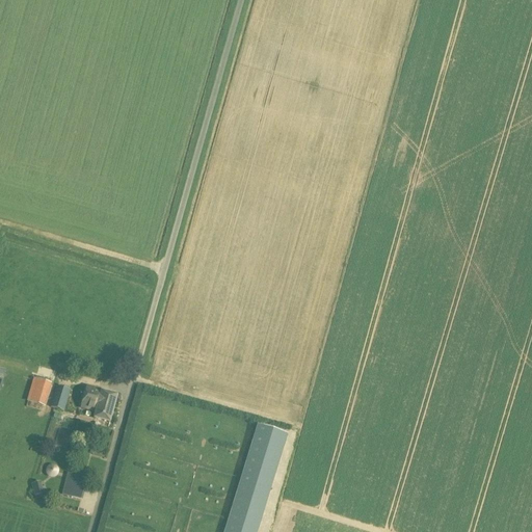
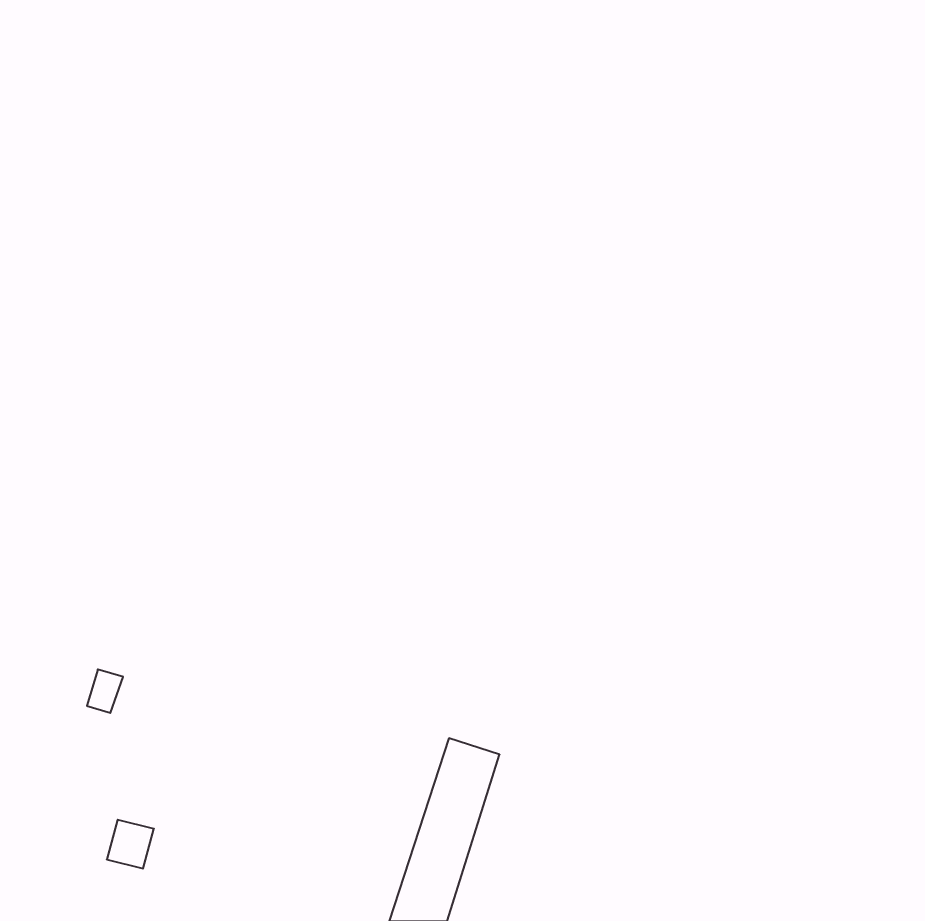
building: [26,377,51,405] -> none
building: [81,385,116,422] -> none

